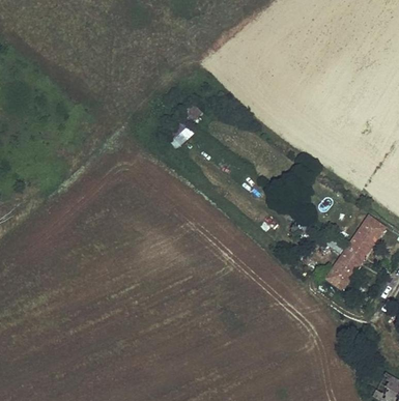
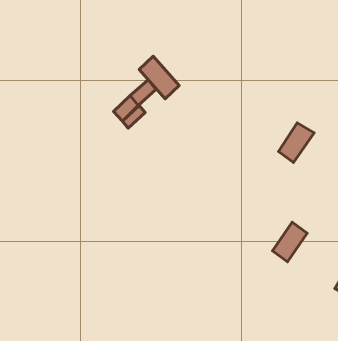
building: none -> [139,56,179,99]
building: [348,217,386,258] -> [279,123,314,163]

